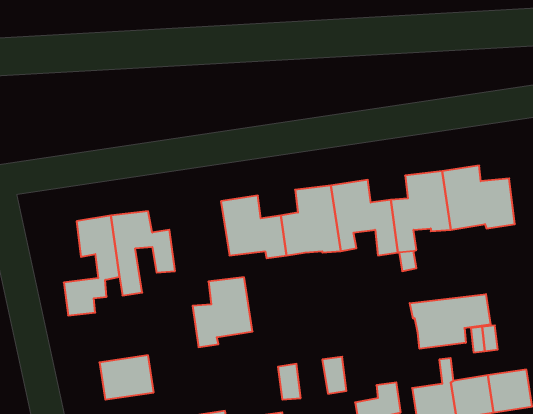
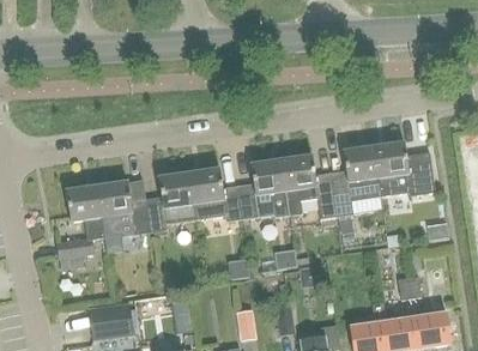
building: [193,277,253,347] -> [145,171,195,230]
building: [410,294,491,349] -> none

